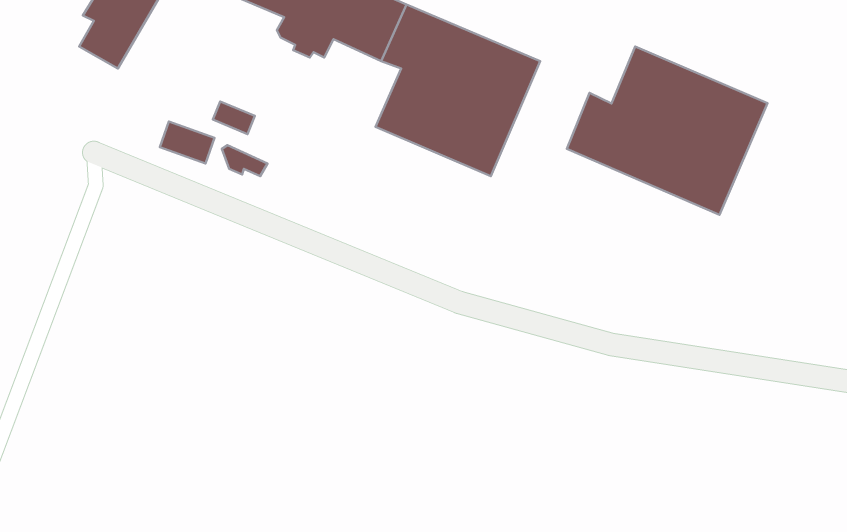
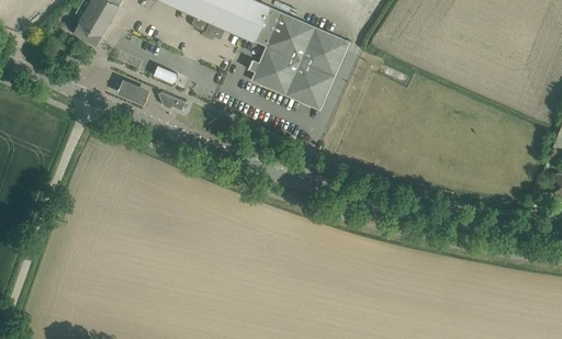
building: [567,47,767,215] -> none

